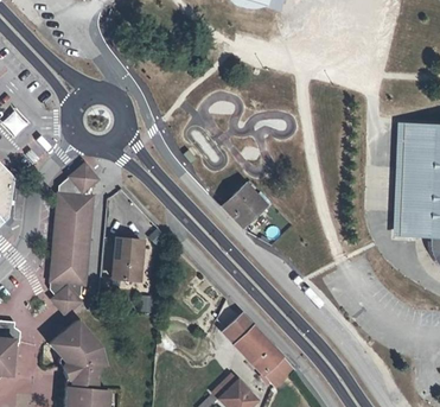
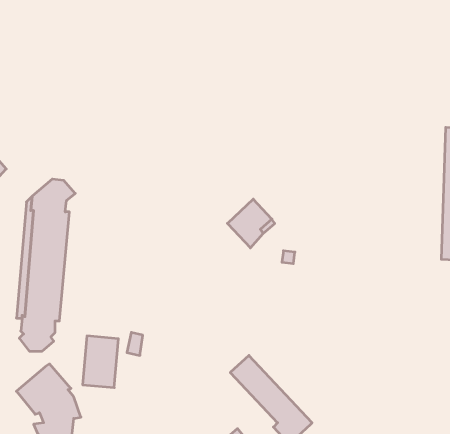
building: [113,237,142,280] -> [83,336,118,388]

